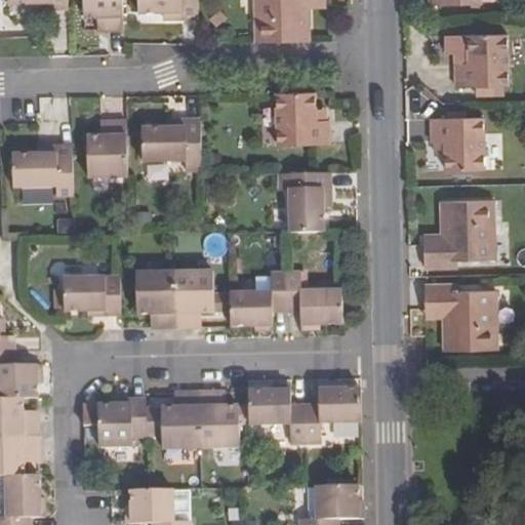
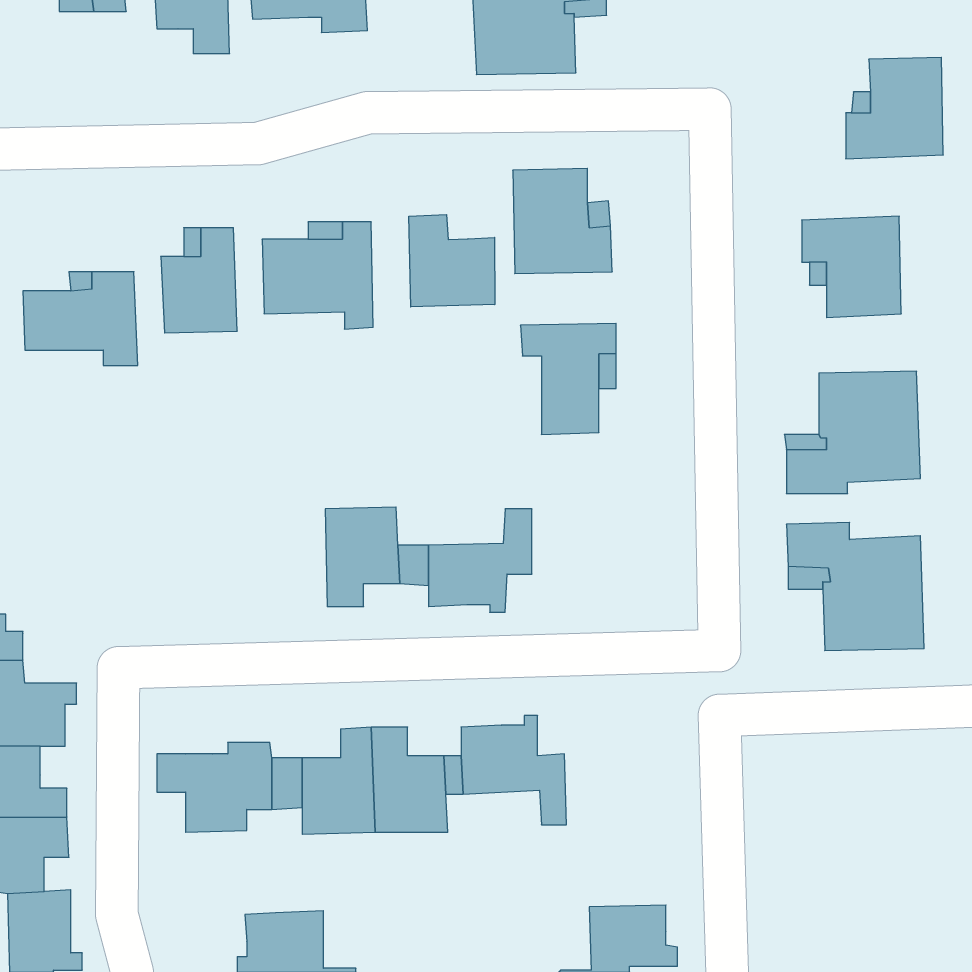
building: none -> [409,215,495,307]
building: [135,273,175,326] -> none
building: [285,273,342,327] -> none
building: [62,277,120,316] -> none
building: [302,382,362,442] -> none

